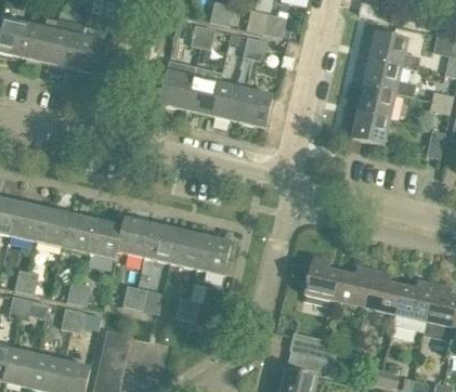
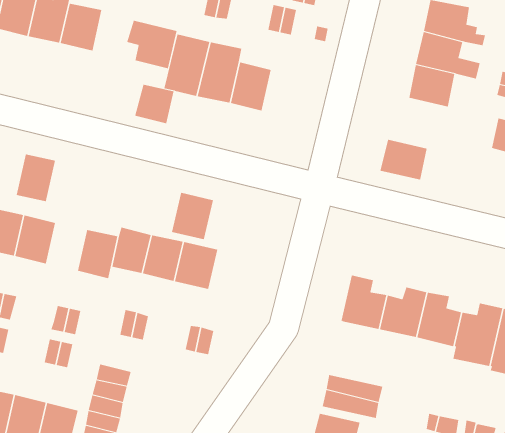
building: none -> [127,20,177,69]
building: [238,89,272,129] -> none
building: none -> [135,84,174,124]
building: [351,112,390,145] -> [380,139,427,180]
building: [63,213,95,252] -> [16,154,56,202]
building: [195,235,230,274] -> [171,192,214,240]

